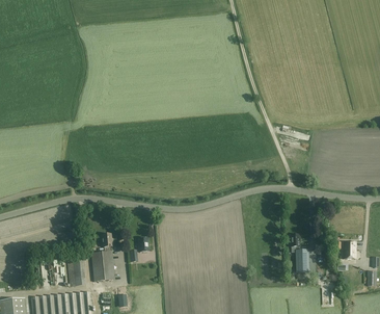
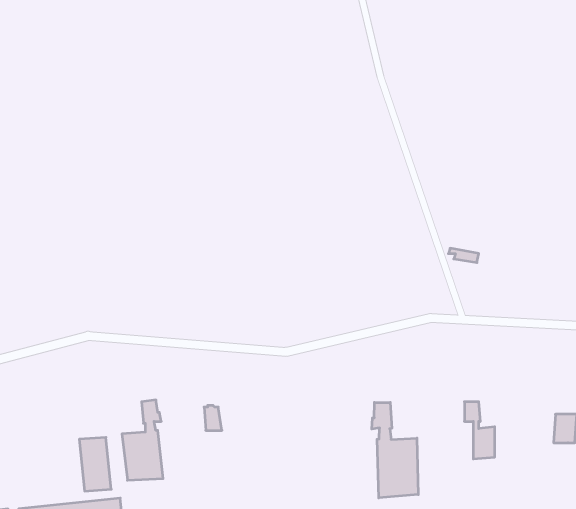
building: none -> [372,402,418,498]

